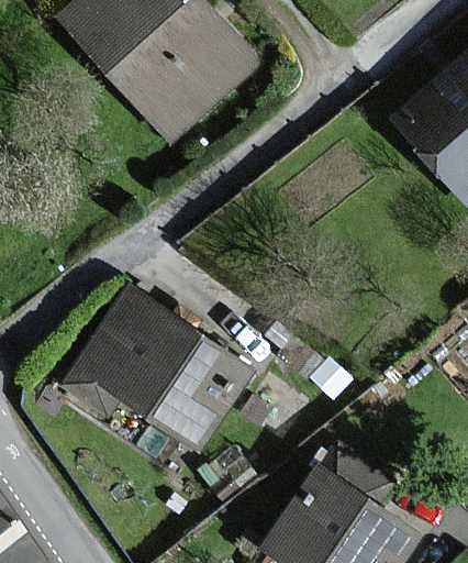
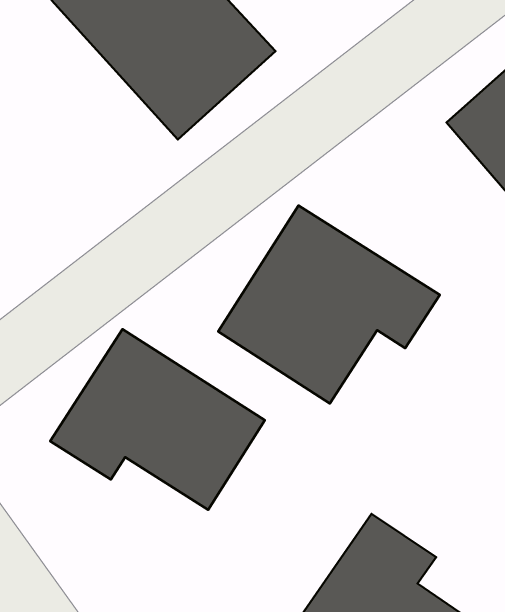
building: none -> [218,205,440,403]

